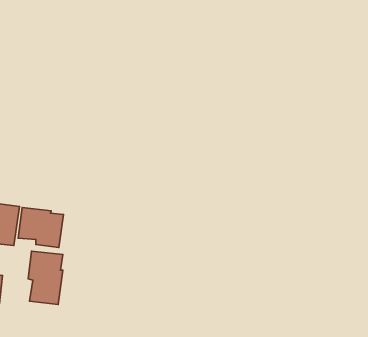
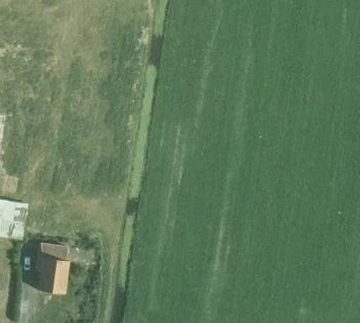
building: [18,208,64,247] -> none

